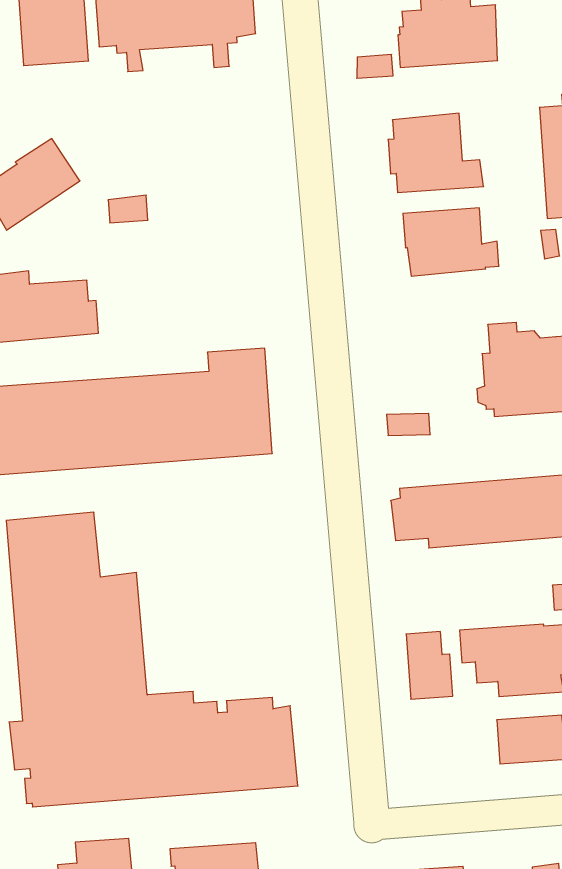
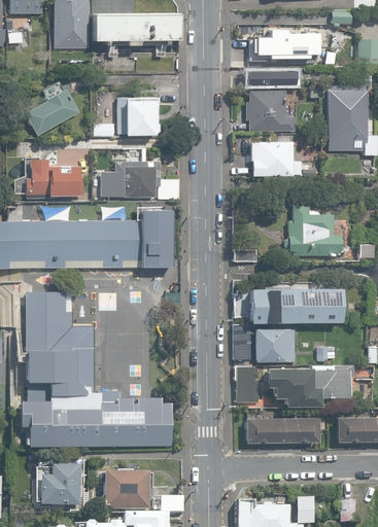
building: none -> [250,72,291,90]
building: none -> [118,97,158,136]
building: none -> [101,161,179,200]
building: none -> [234,324,304,361]
building: none -> [246,418,282,443]

